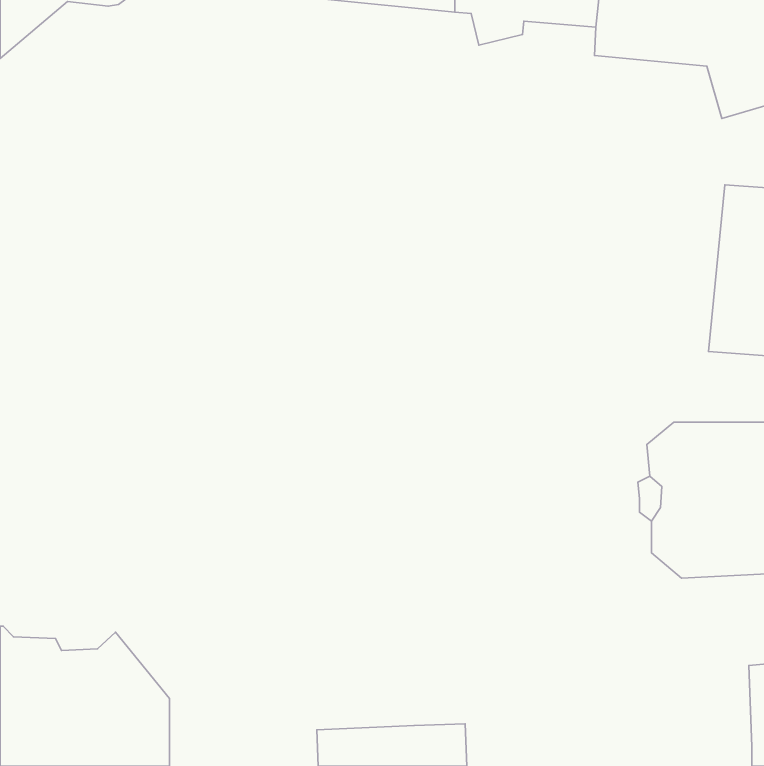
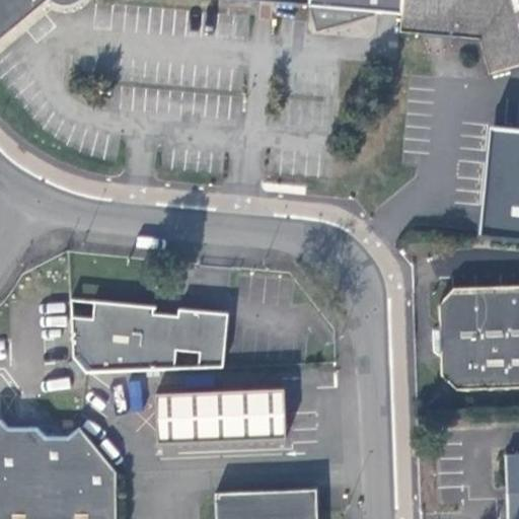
building: none -> [70,303,232,370]
building: none -> [147,389,280,435]

